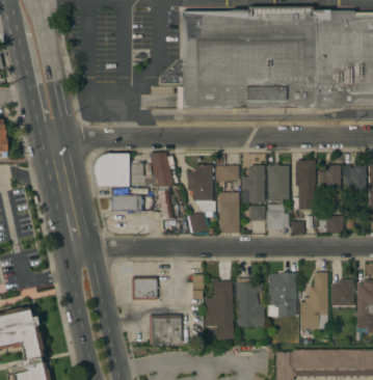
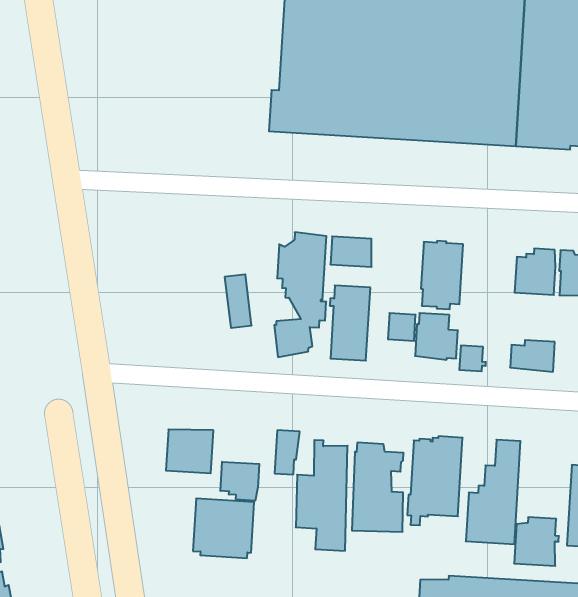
building: [91,152,174,187] -> none
building: [295,160,316,214] -> none
building: [242,165,265,202] -> none
building: [111,195,141,211] -> none
building: [331,279,355,305] -> [514,517,559,566]
building: none -> [220,462,259,501]

